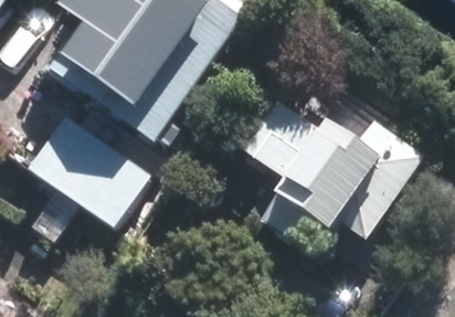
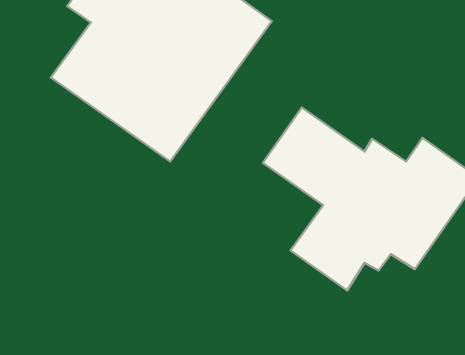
building: [30,116,156,231] -> none

